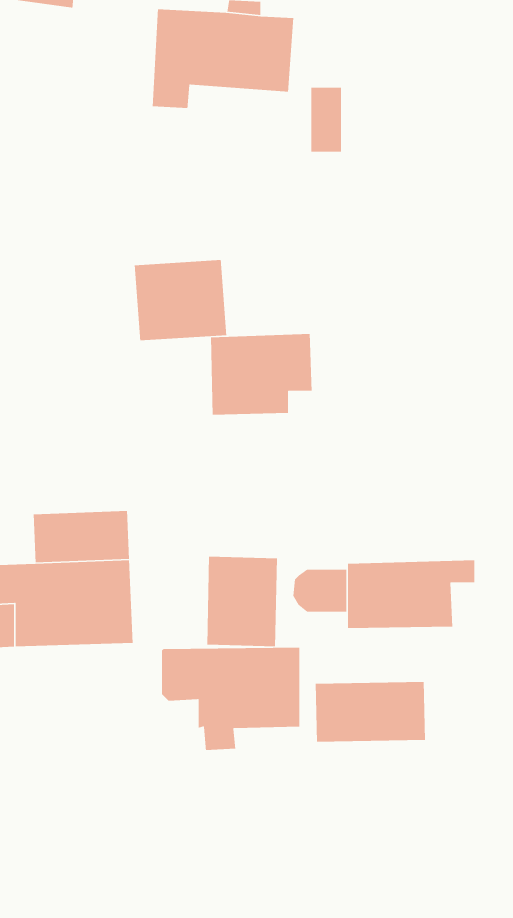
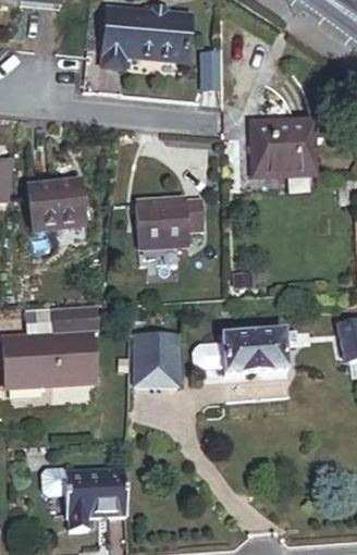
building: none -> [251,118,313,172]
building: [134,259,227,341] -> [32,178,87,227]
building: [161,647,300,751] -> [44,467,126,529]
building: [315,681,426,742] -> none

